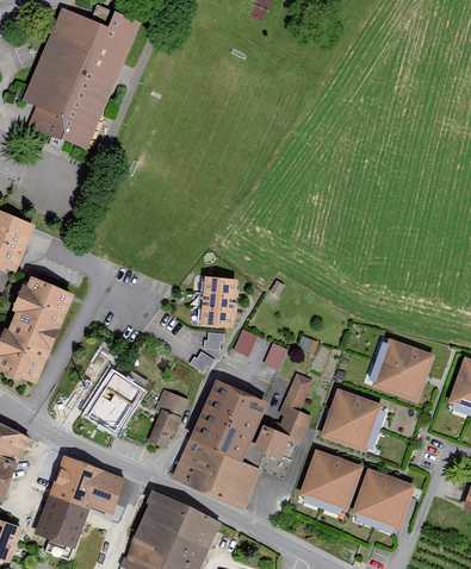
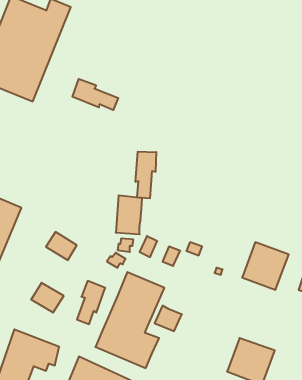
building: none -> [72,79,118,110]
building: none -> [136,152,156,198]
building: [100,373,142,411] -> [46,232,77,260]
building: [272,375,311,445] -> none
building: [320,388,383,452] -> none
building: [298,449,364,512] -> none

